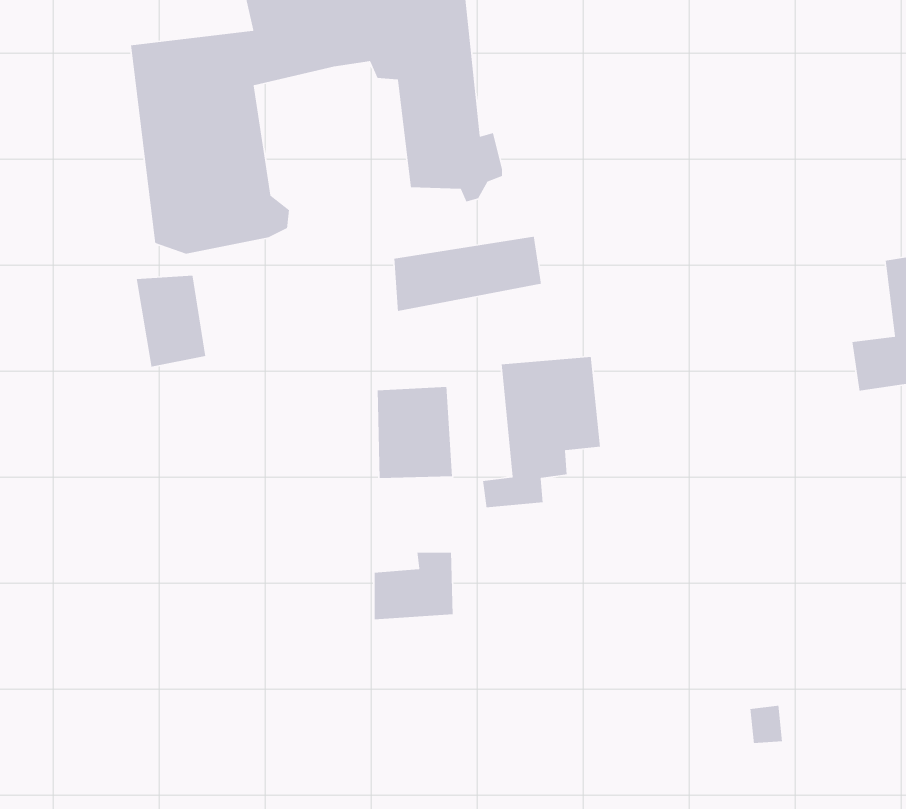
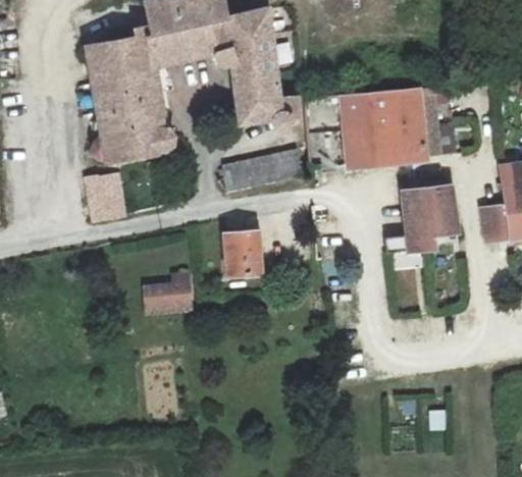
building: none -> [338,88,452,168]
building: [482,356,601,508] -> [390,183,456,267]
building: [374,552,454,620] -> [151,270,195,308]

